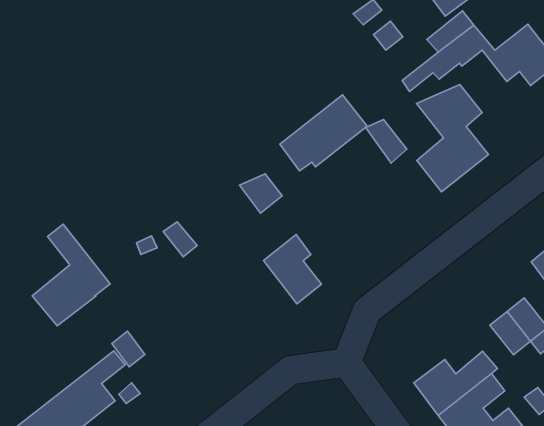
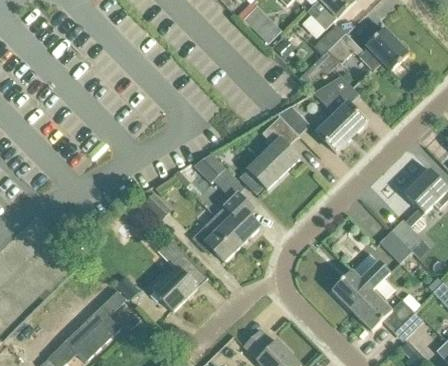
building: [280,95,367,171] -> [239,137,299,194]
building: [32,224,110,326] -> [152,240,206,312]
building: none -> [190,215,242,262]

